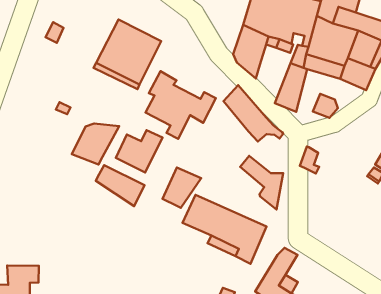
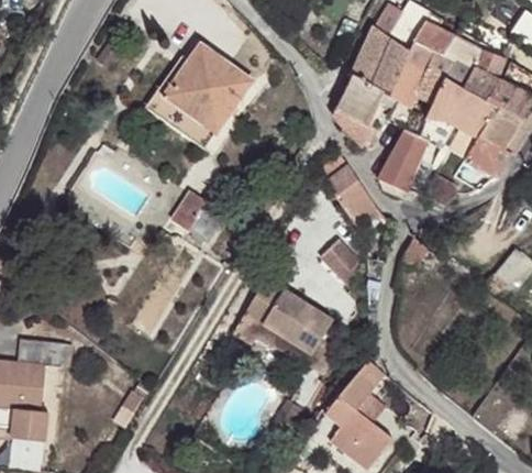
building: [145,71,216,139] -> none
building: [72,123,119,164] -> none
building: [96,165,144,206] -> none
building: [163,167,201,208] -> none

